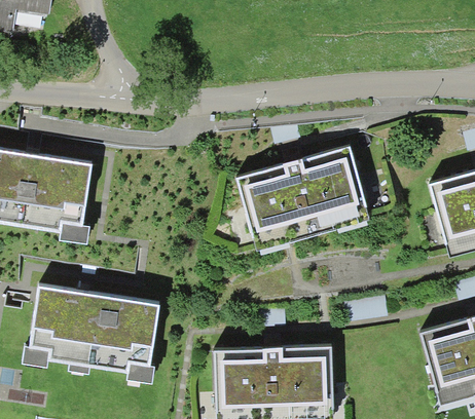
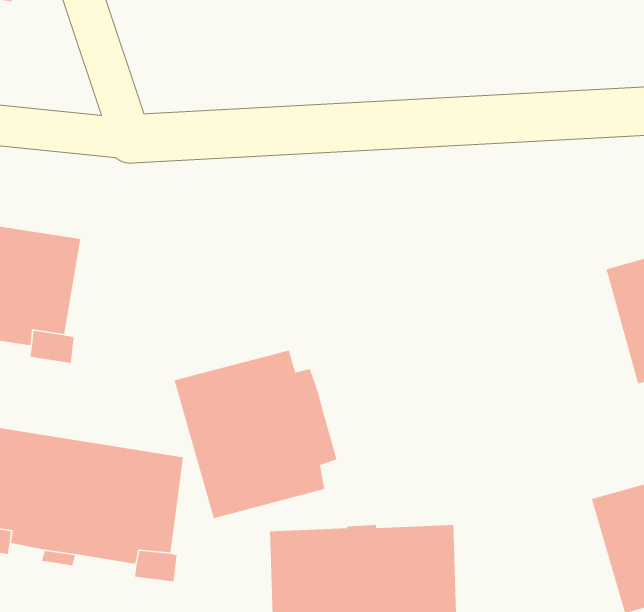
building: [238,146,371,253] -> none
building: none -> [174,349,338,519]

